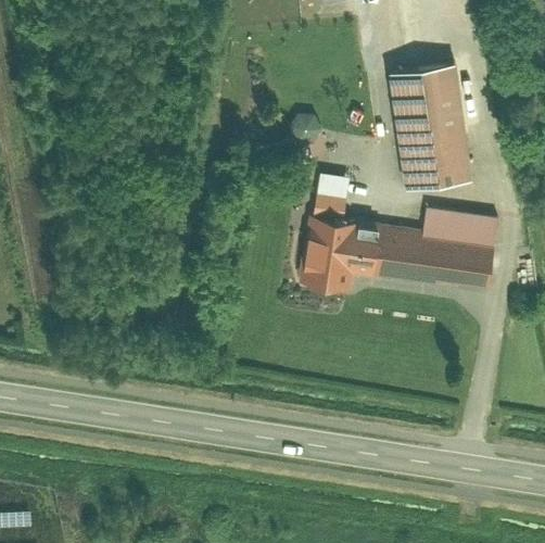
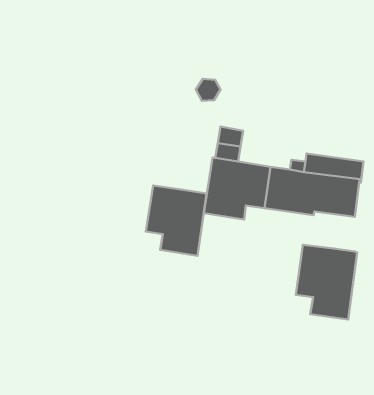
building: [389,65,472,190] -> none
building: none -> [146,185,207,256]
building: none -> [296,245,357,319]

